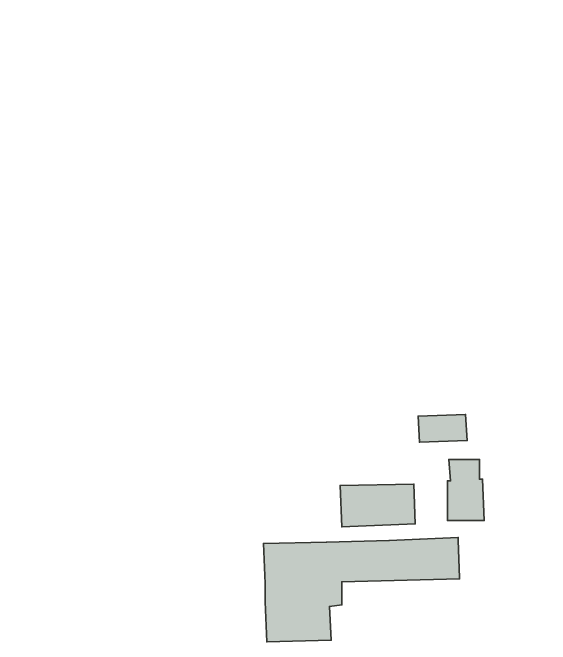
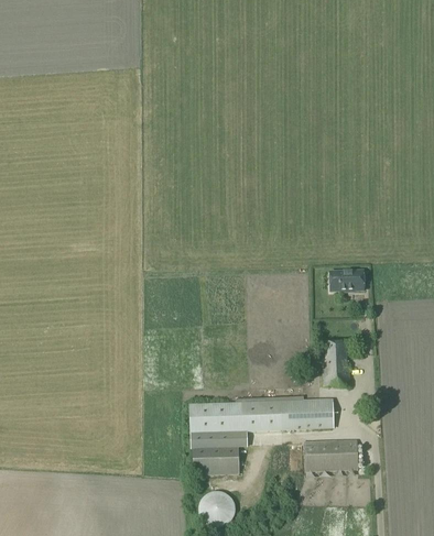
building: [418,415,467,442] -> [328,272,364,292]
building: [340,484,415,527] -> [303,440,357,471]

